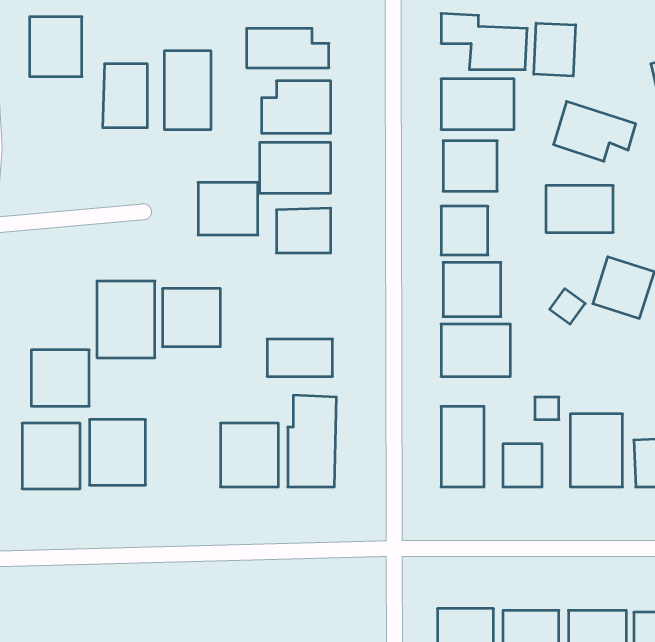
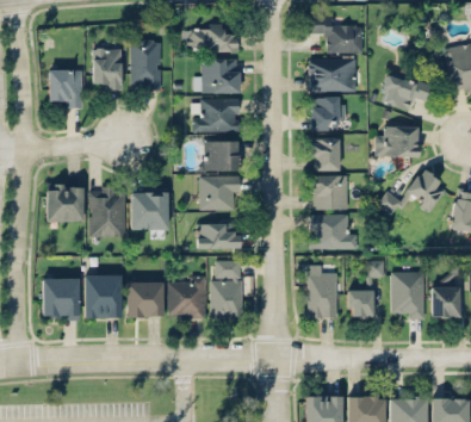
building: [30,17,82,77] -> [49,69,82,107]
building: [534,23,576,76] -> none
building: [198,182,258,235] -> [200,176,238,210]
building: [31,350,89,406] -> [47,185,83,221]
building: none -> [126,281,162,317]

